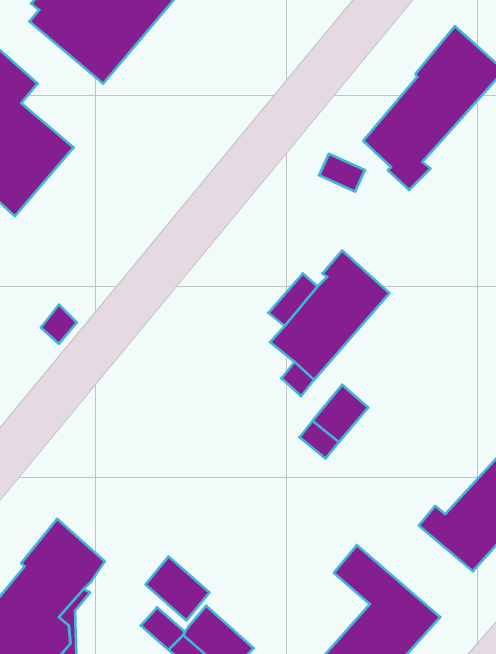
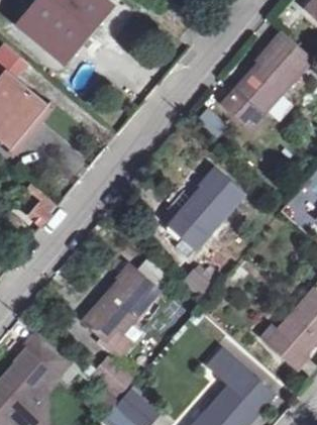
building: none -> [83,265,157,338]

